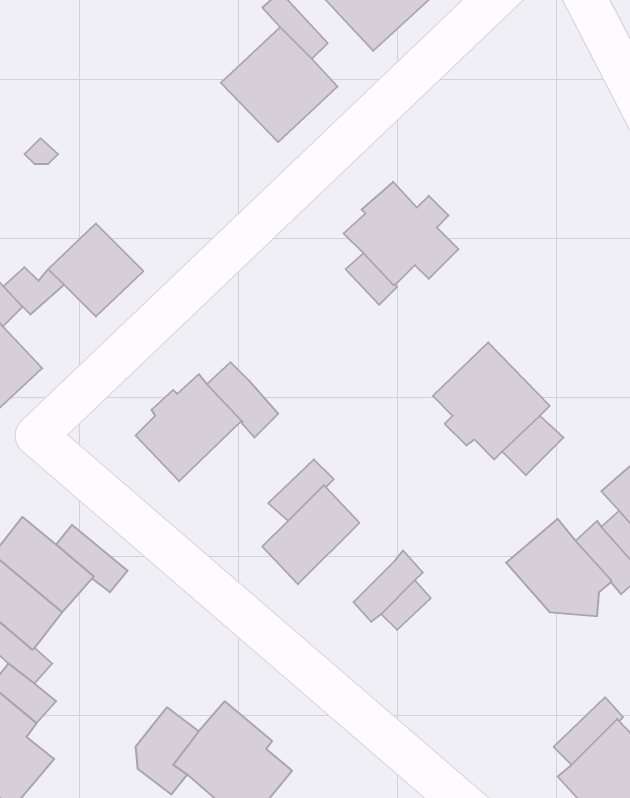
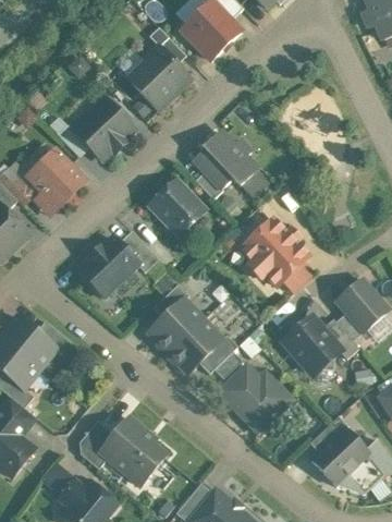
building: none -> [74,100,133,158]
building: none -> [149,180,205,235]
building: none -> [169,319,222,374]
building: none -> [219,365,292,433]

